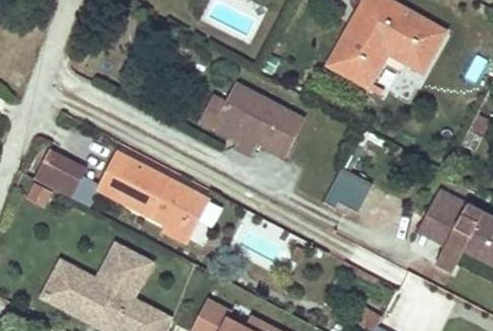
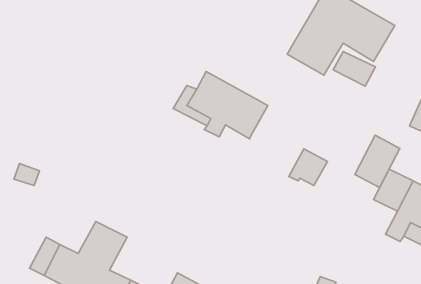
building: [36,145,87,195] -> none
building: none -> [355,135,400,188]
building: [98,152,207,235] -> none

